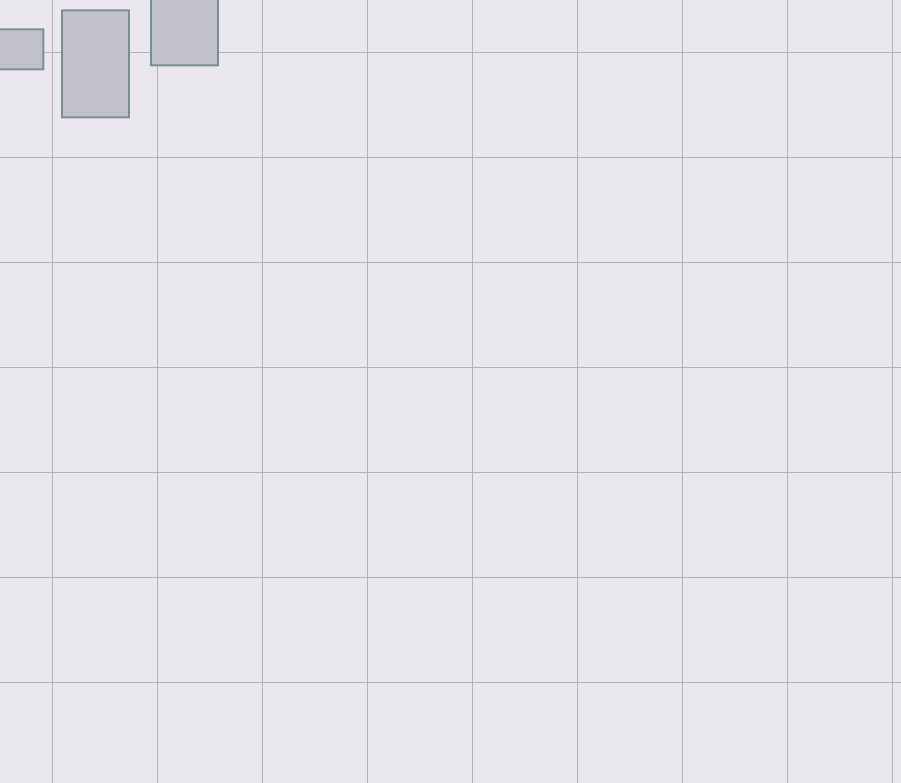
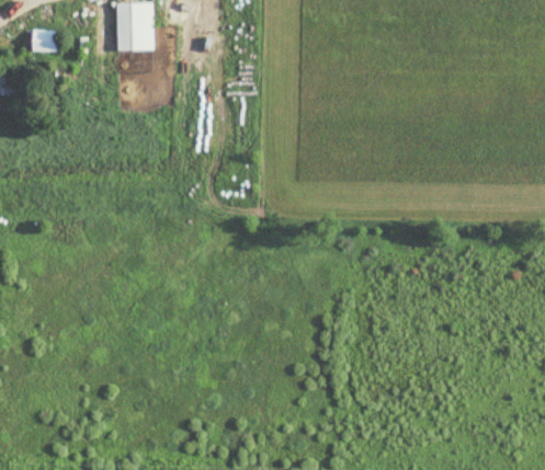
building: [62,10,129,118] -> none

